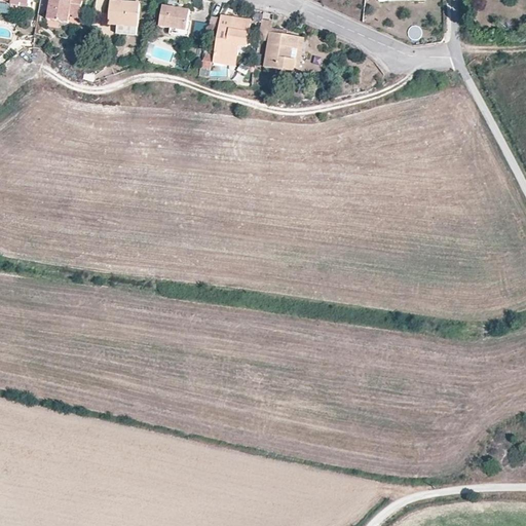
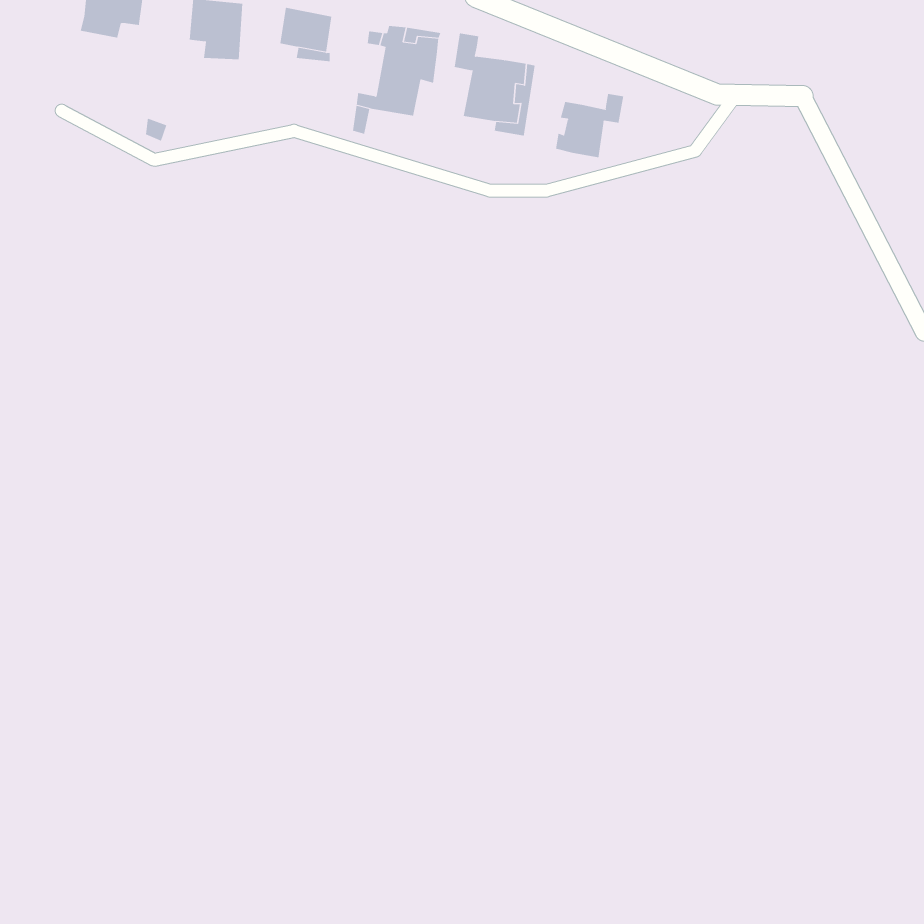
building: none -> [556,93,624,158]

